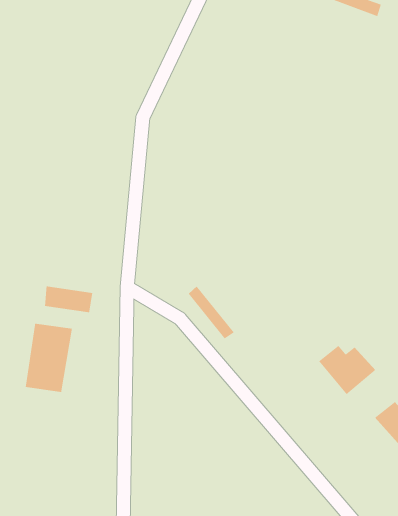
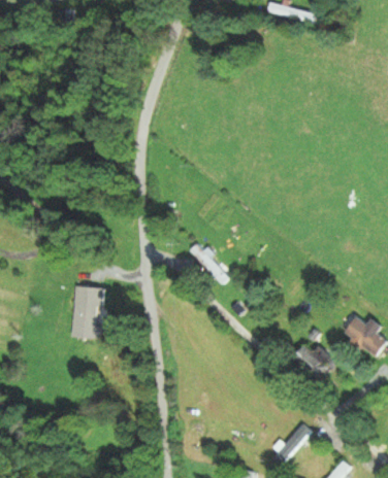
building: [44,285,93,313] -> none
building: [318,345,376,395] -> [292,346,337,384]

